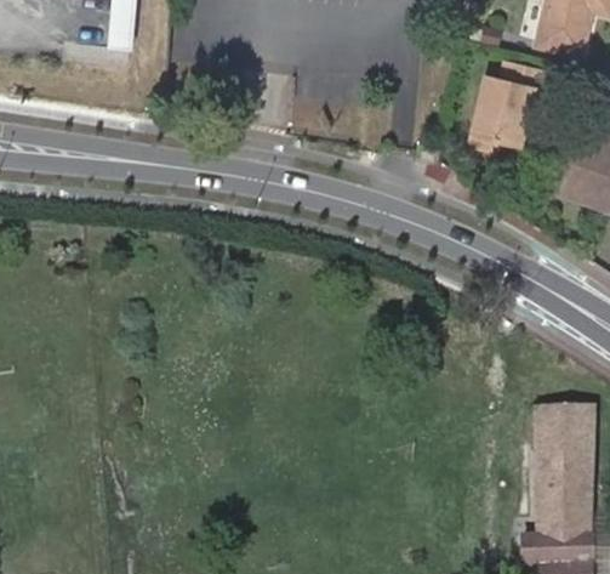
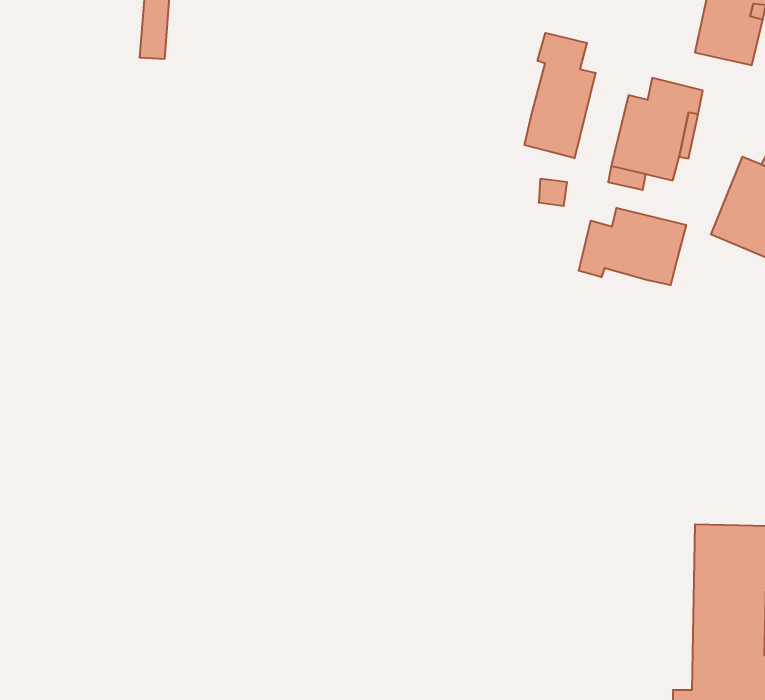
building: none -> [525,33,596,158]
building: none -> [579,208,686,285]

